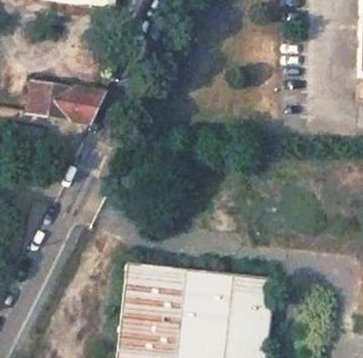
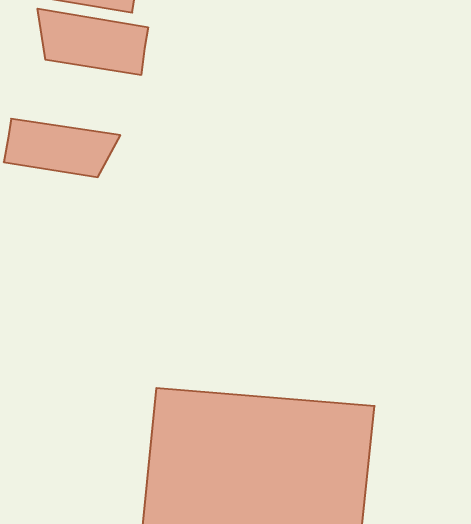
building: none -> [38,9,148,75]

